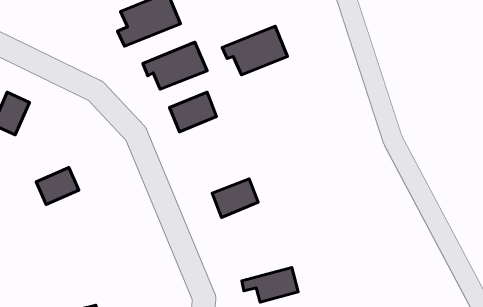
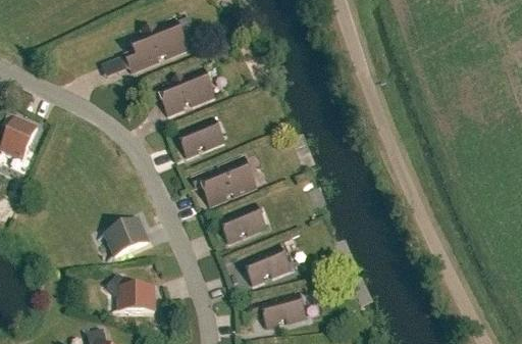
building: [222,26,287,75] -> [192,156,257,205]
building: [36,168,79,204] -> [106,220,149,257]
building: none -> [244,246,291,285]
building: none -> [107,276,155,312]

